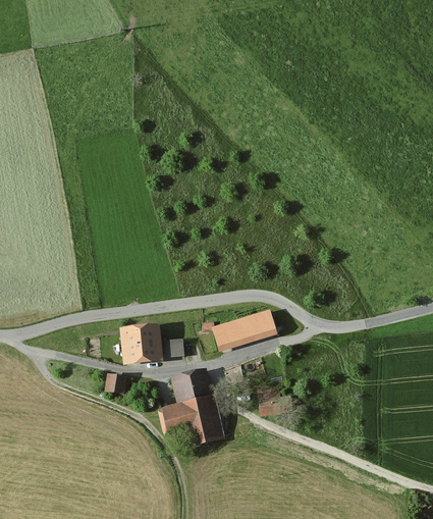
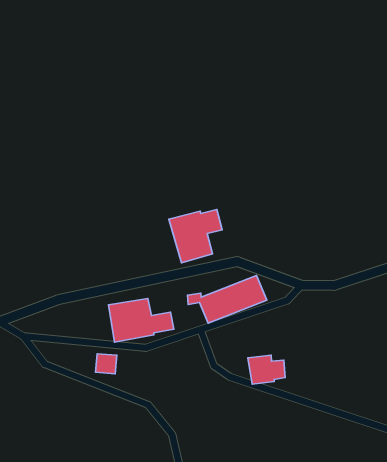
building: none -> [169,209,222,263]
building: [159,368,222,445] -> none

